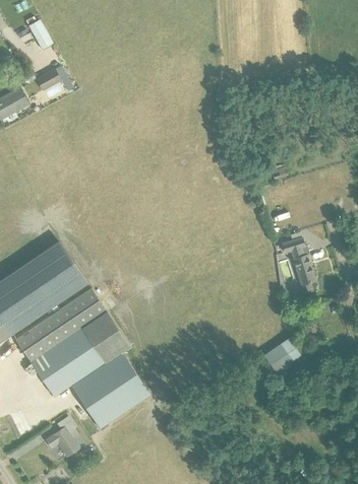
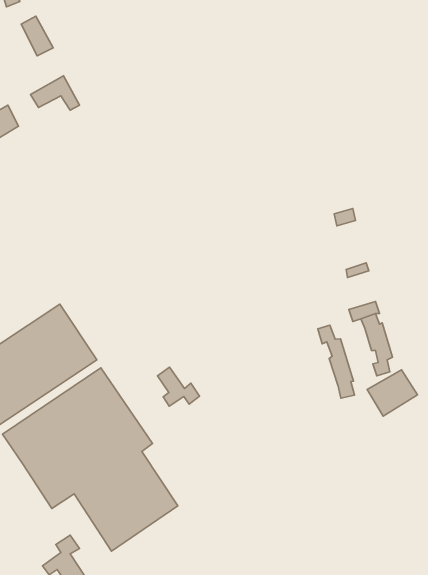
building: none -> [318,325,354,398]
building: none -> [158,367,200,406]
building: [265,337,304,372] -> [367,370,417,416]

